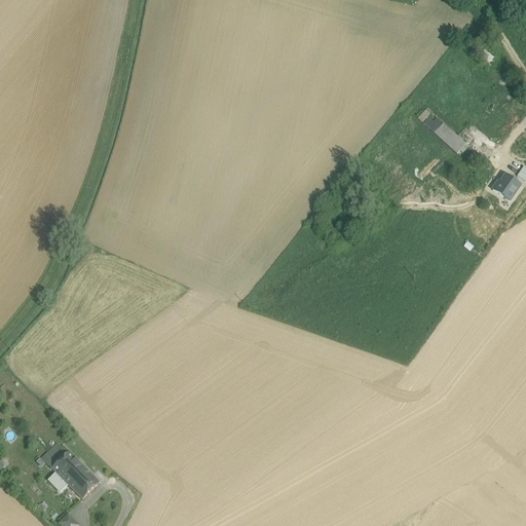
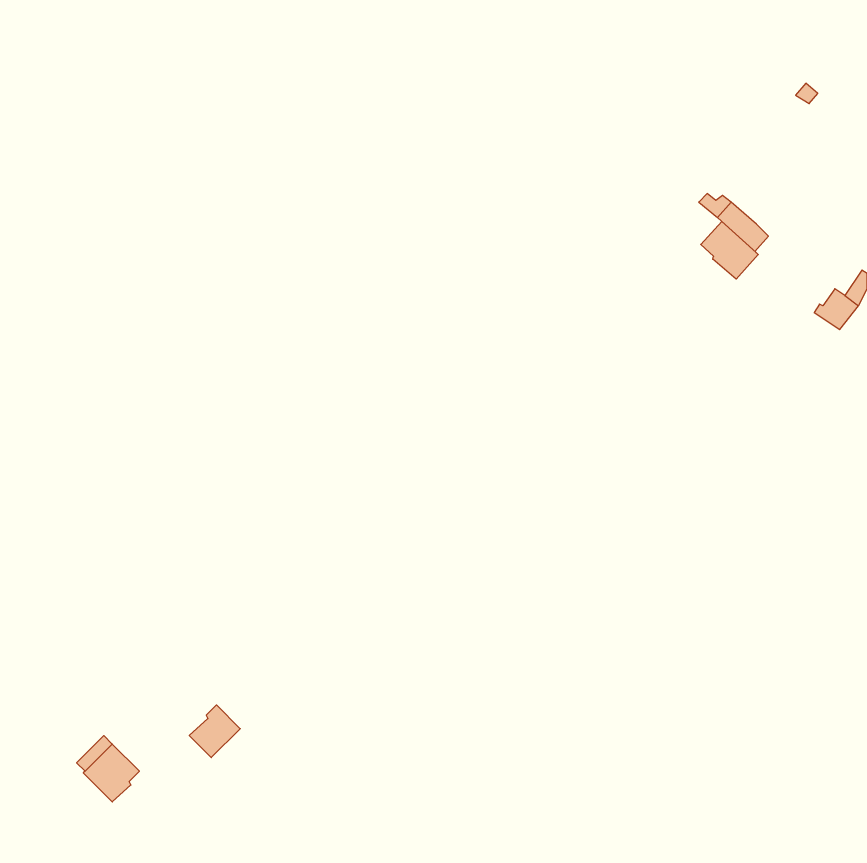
building: none -> [701,221,758,279]
building: [68,466,99,498] -> [189,705,240,758]

